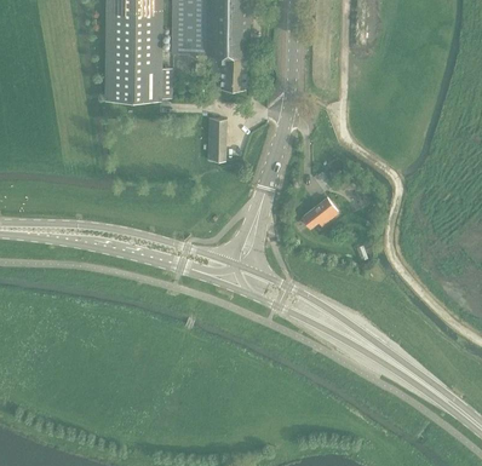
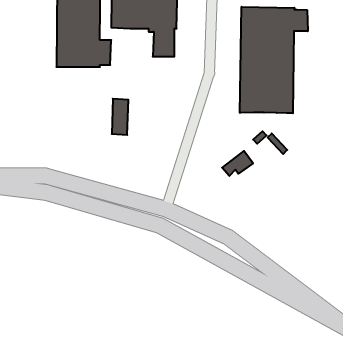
building: none -> [240,7,308,113]
building: [206,120,225,162] -> [112,99,128,135]

